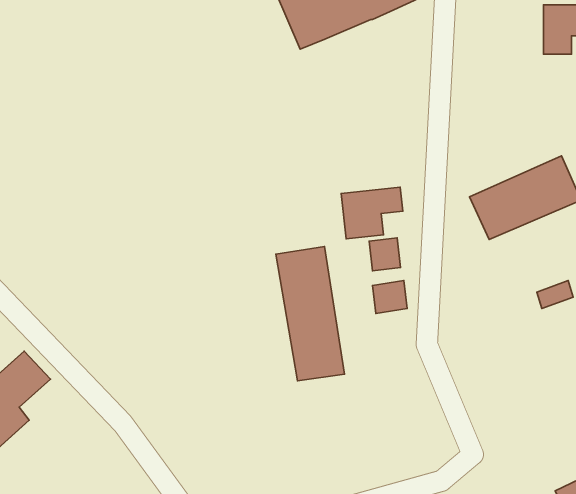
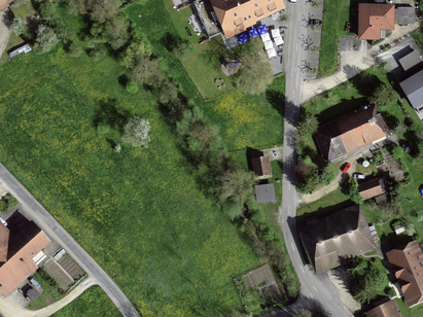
building: [341,187,403,239] -> none
building: [276,246,345,381] -> none
building: none -> [302,205,375,267]

